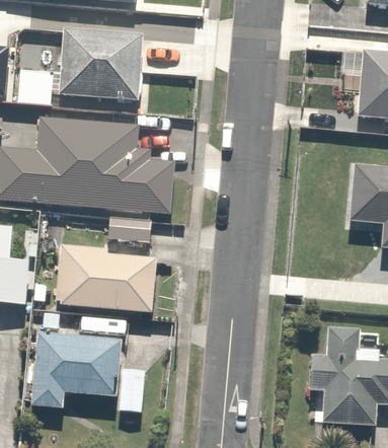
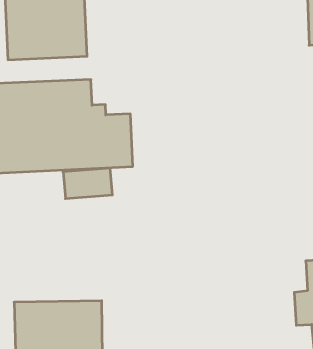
building: [56,244,159,313] -> none

